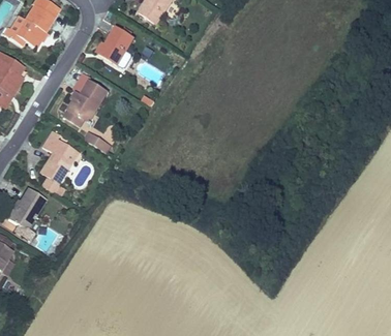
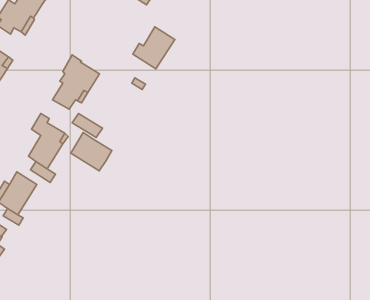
building: [95,23,137,64] -> [133,27,175,69]
building: none -> [71,133,112,171]

